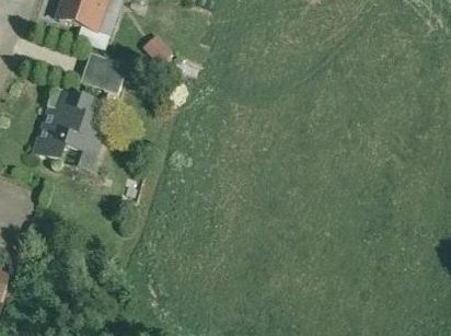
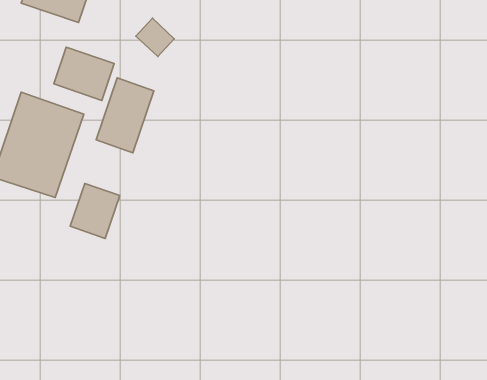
building: none -> [96,78,154,153]
building: none -> [70,183,120,238]

